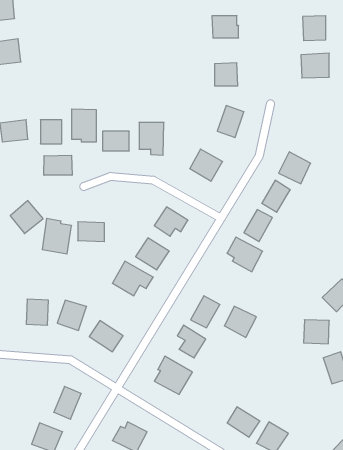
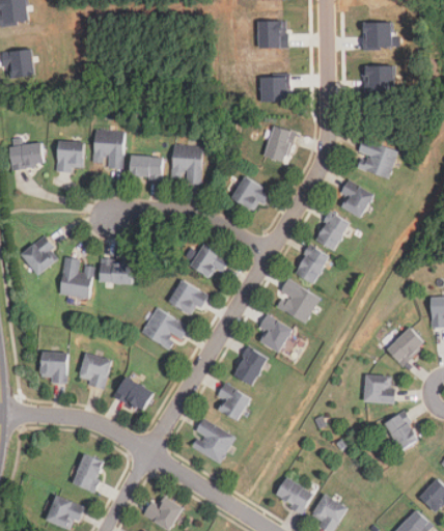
building: none -> [354,139,396,177]
building: [44,155,72,175] -> none
building: [224,306,256,337] -> [254,315,292,352]

